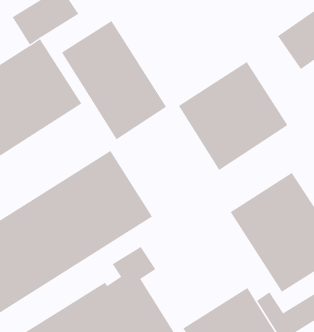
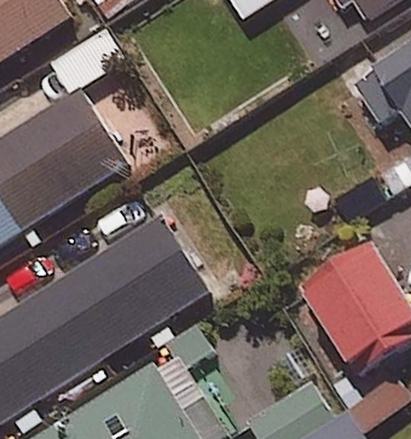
building: [61,20,167,140] -> none
building: [178,61,288,171] -> none

